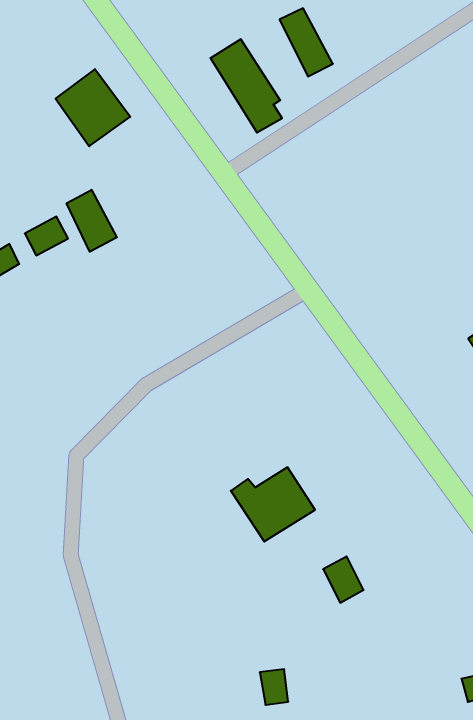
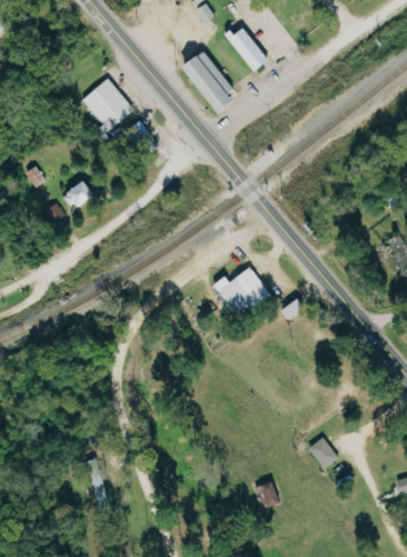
building: [67,190,117,252] -> none
building: [231,467,315,542] -> [206,265,265,317]
building: [323,556,364,603] -> [304,436,332,468]

